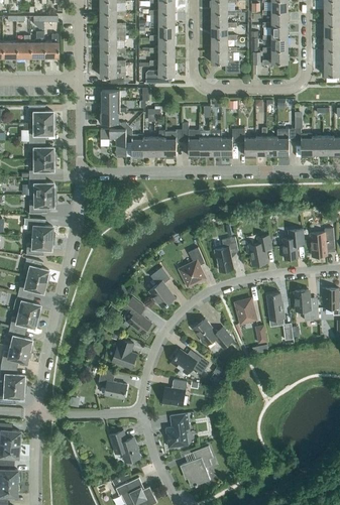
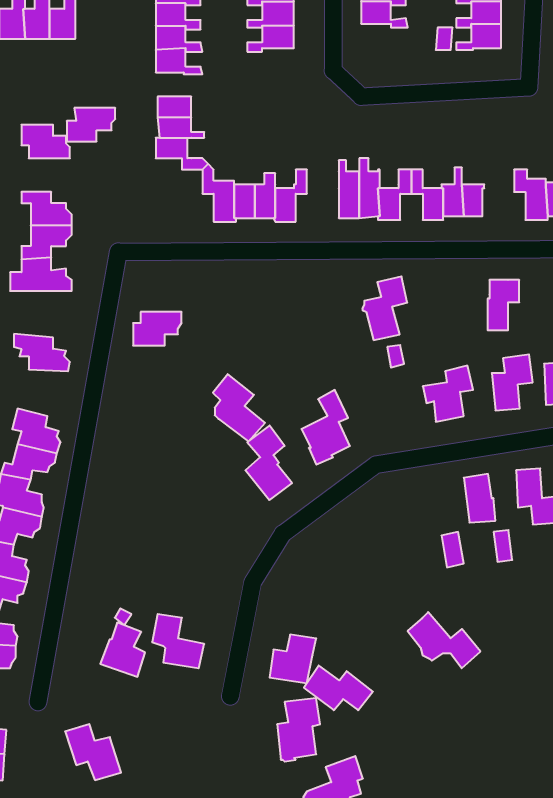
building: [212,49,240,73] -> none
building: [146,62,176,82] -> none
building: [28,122,54,140] -> [67,108,115,141]
building: [183,122,200,156] -> none
building: [101,128,126,156] -> none
building: [277,128,295,155] -> [488,280,519,330]
building: [29,194,55,212] -> [133,312,182,346]
building: [26,236,53,255] -> none
building: [214,236,238,270] -> [362,276,407,340]
building: [124,296,152,333] -> [213,374,265,441]
building: [235,297,257,325] -> none
building: [194,318,233,348] -> [408,612,480,668]
building: [112,338,136,367] -> [100,623,145,677]
building: [172,349,209,373] -> [304,665,373,710]
building: [110,430,140,461] -> [65,724,121,780]

